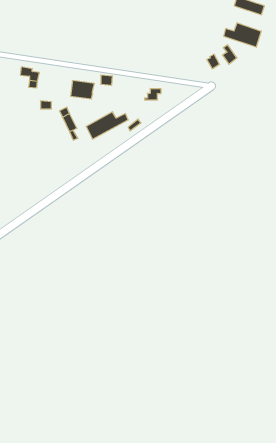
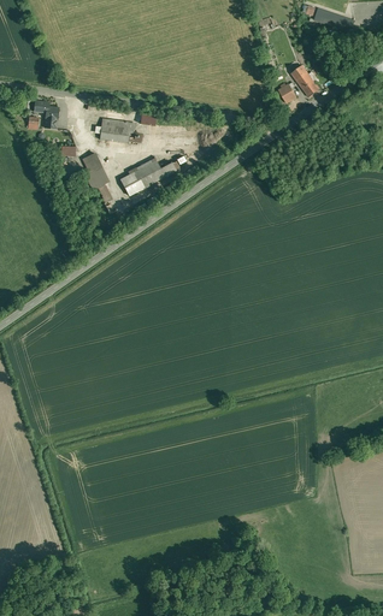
building: [224,23,261,47] -> none

